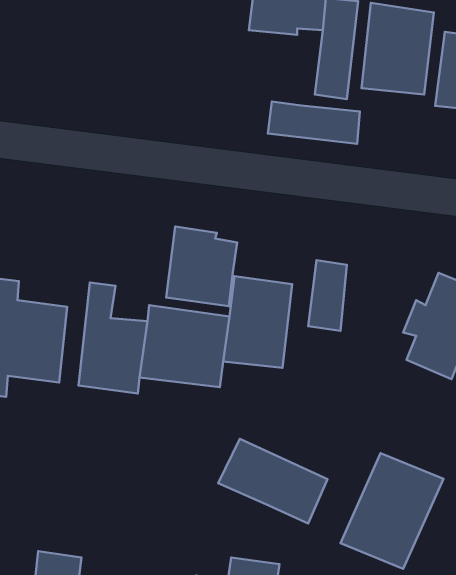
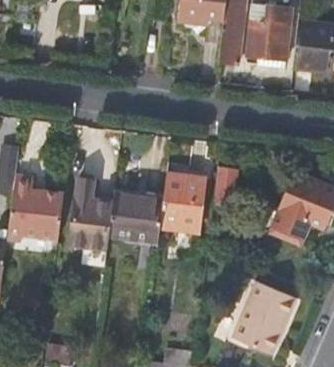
building: [268,102,360,144] -> none
building: [166,226,237,306] -> none
building: [218,439,327,523] -> none

